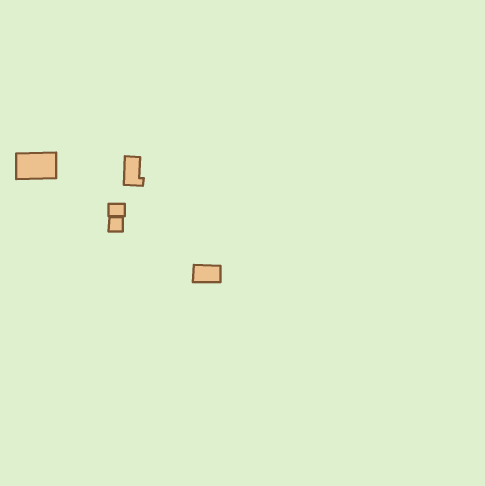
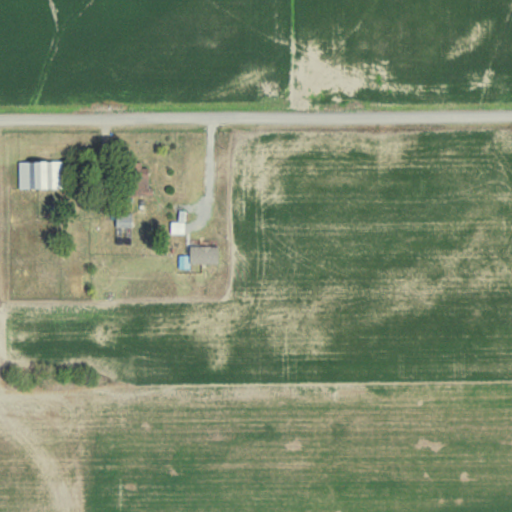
building: [193,265,220,282] -> [189,246,218,264]

